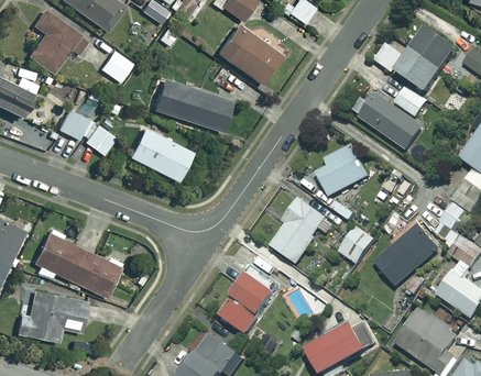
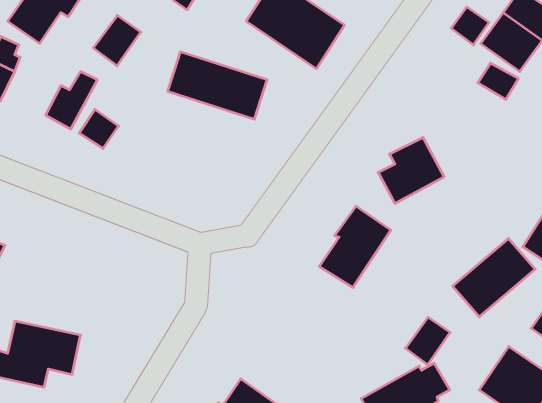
building: [351,93,424,151] -> none
building: [128,126,192,180] -> none
building: [339,226,374,264] -> [405,317,450,365]
building: [32,232,119,296] -> none
building: [218,274,275,334] -> none

